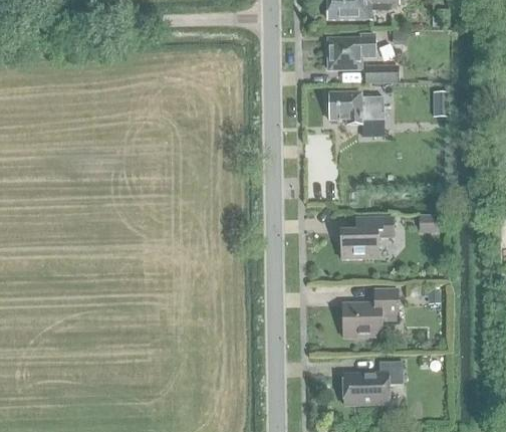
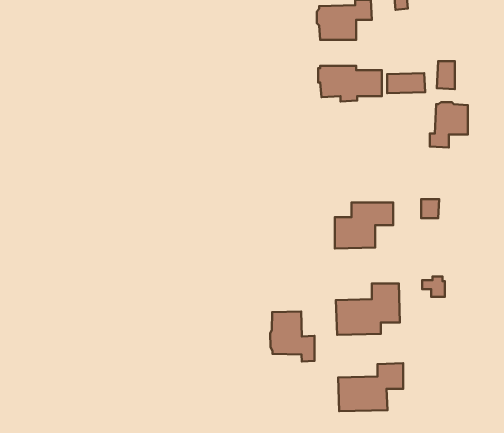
building: [364,63,399,81] -> [387,73,425,93]
building: none -> [430,102,468,147]
building: none -> [270,311,315,361]

